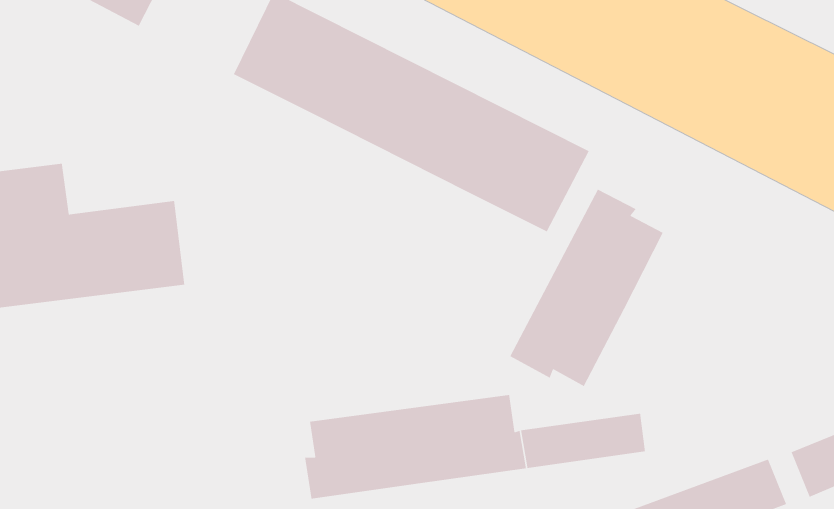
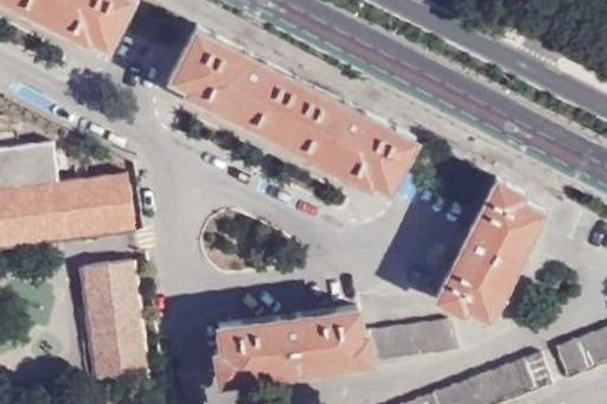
building: [509,188,664,387] -> [436,181,544,320]
building: none -> [84,252,147,378]

